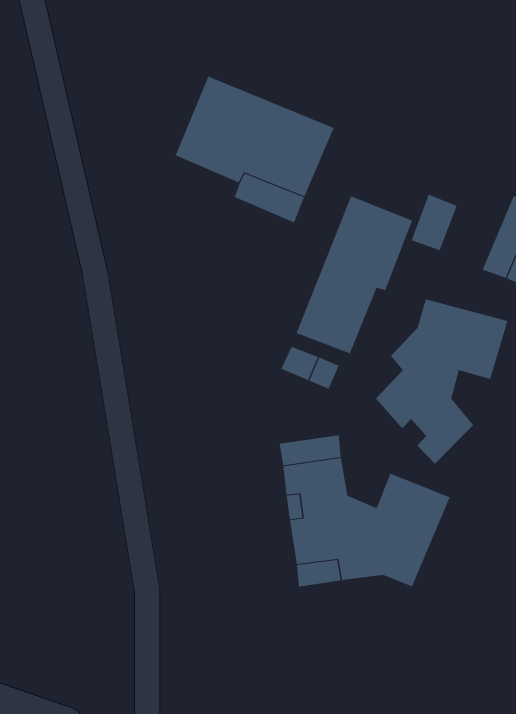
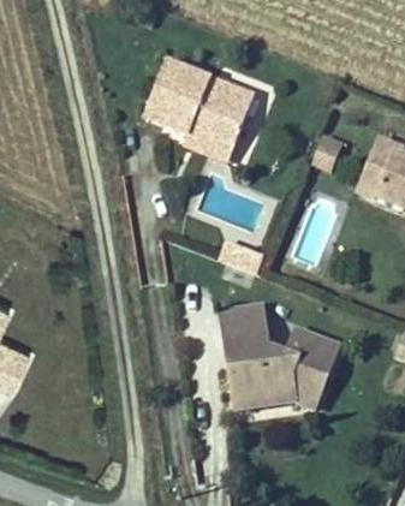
building: [296,195,413,354] -> none
building: [375,298,508,465] -> none

